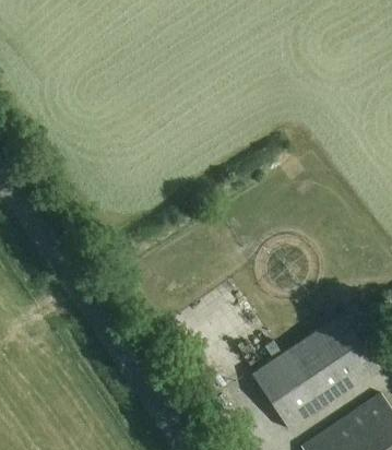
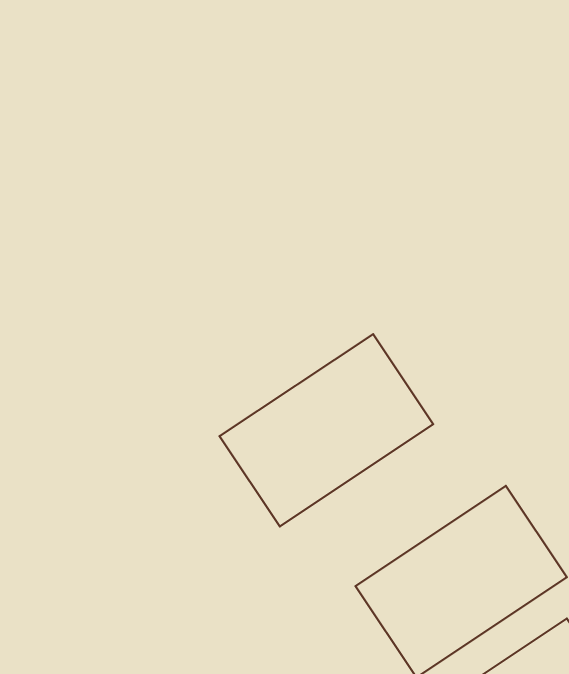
building: none -> [220,334,433,527]

